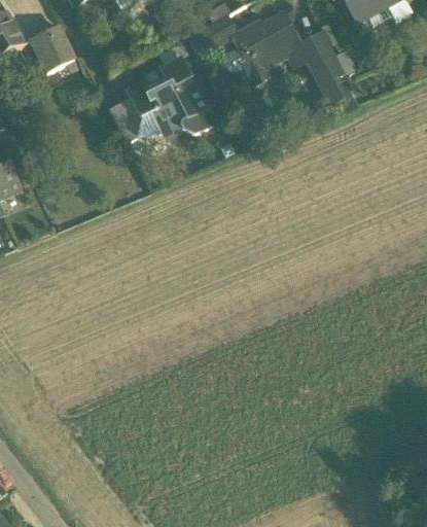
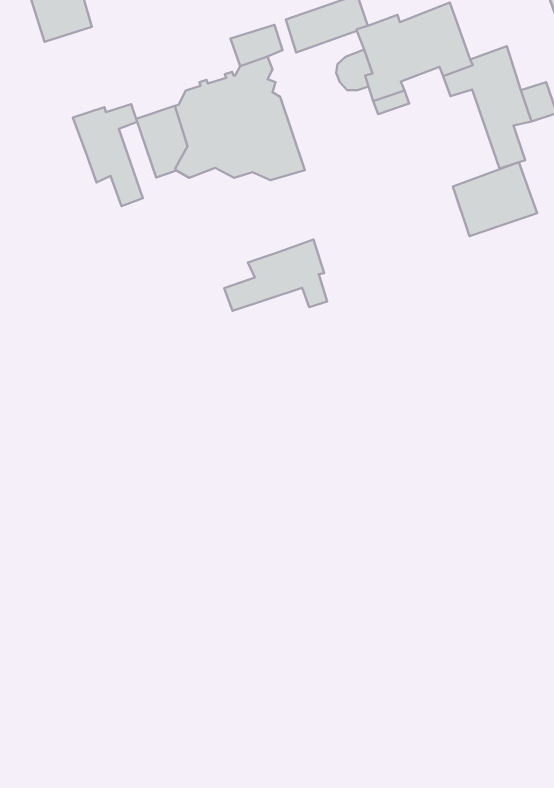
building: none -> [453,162,537,236]
building: none -> [73,104,143,206]
building: none -> [224,239,327,311]

